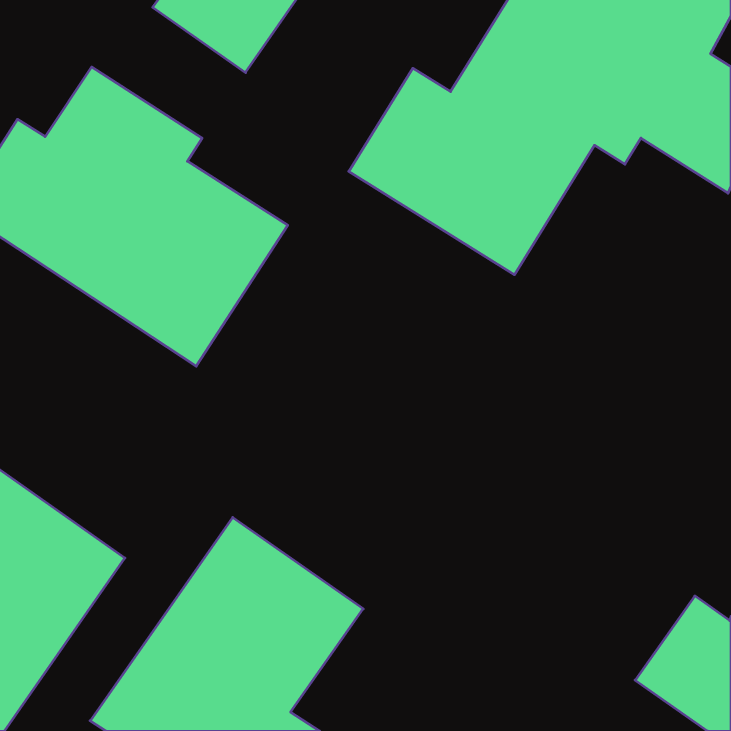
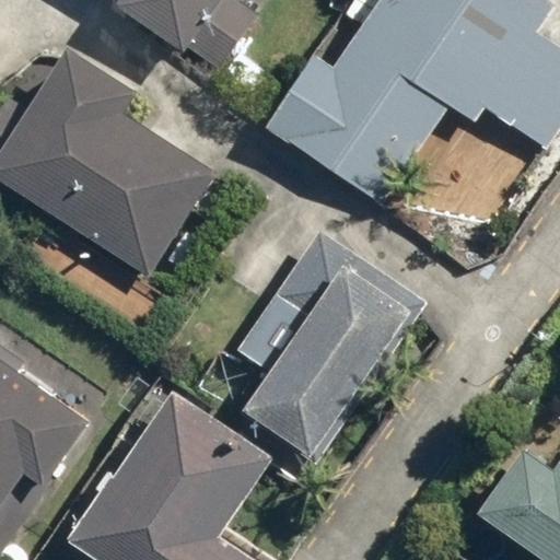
building: none -> [235,230,423,460]

